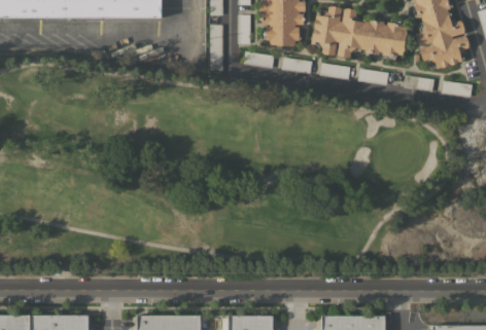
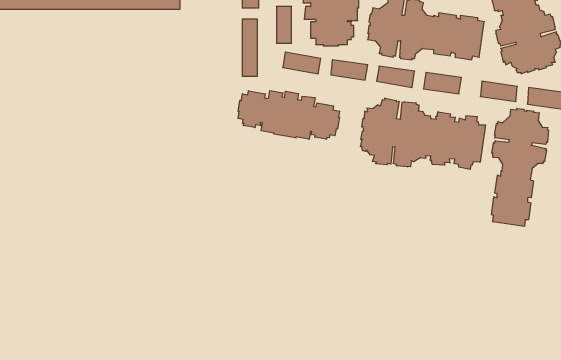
building: none -> [238,91,340,139]
building: none -> [361,98,485,169]
building: none -> [491,108,548,226]

